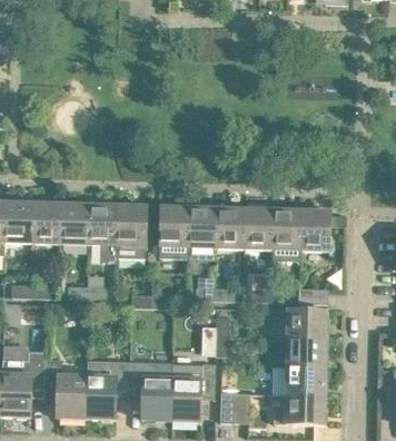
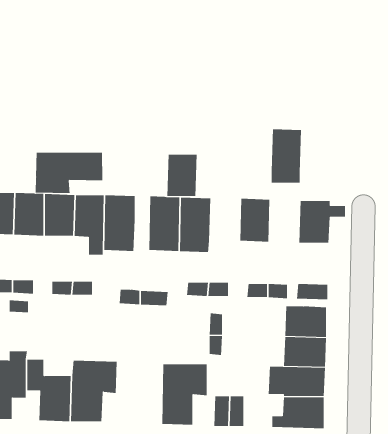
building: none -> [35,152,103,194]
building: [216,207,245,247] -> [167,154,197,197]
building: [271,208,300,259] -> [271,129,302,183]
building: [128,361,171,420] -> none

